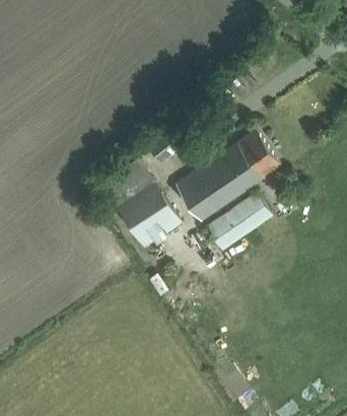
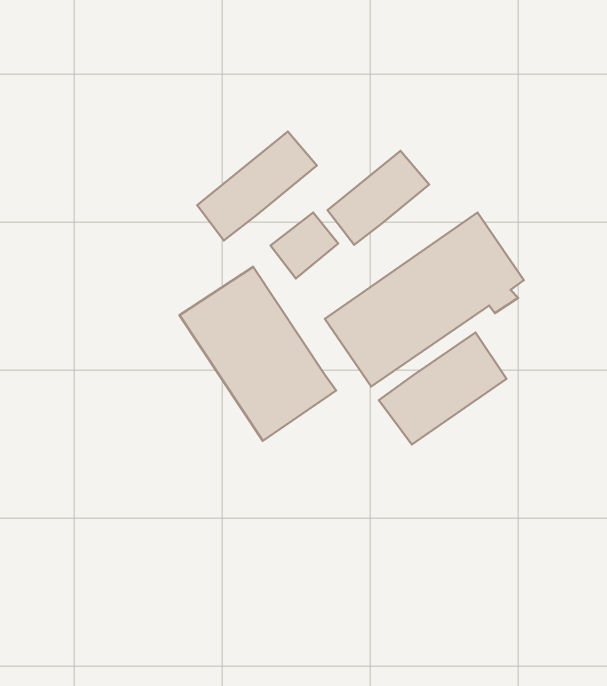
building: none -> [197,131,317,241]
building: none -> [328,151,429,245]

